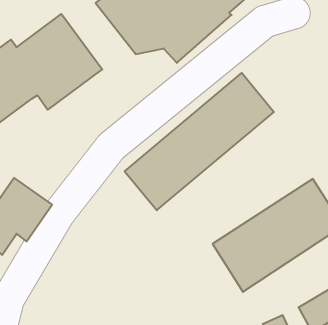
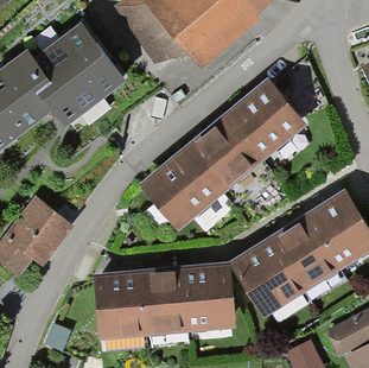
building: none -> [91,260,230,335]

